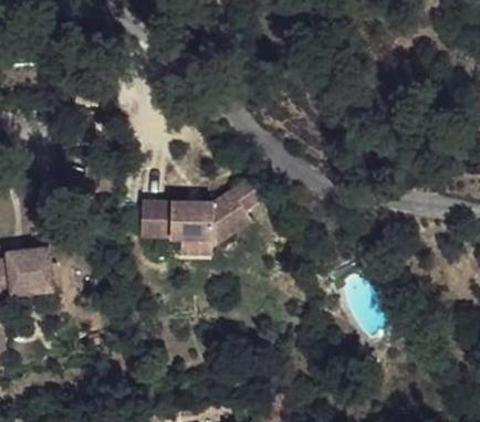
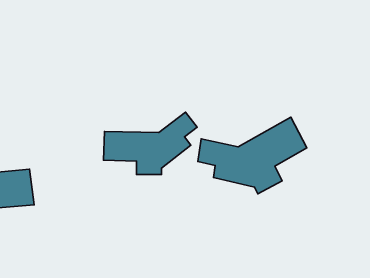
building: none -> [198,117,307,194]

